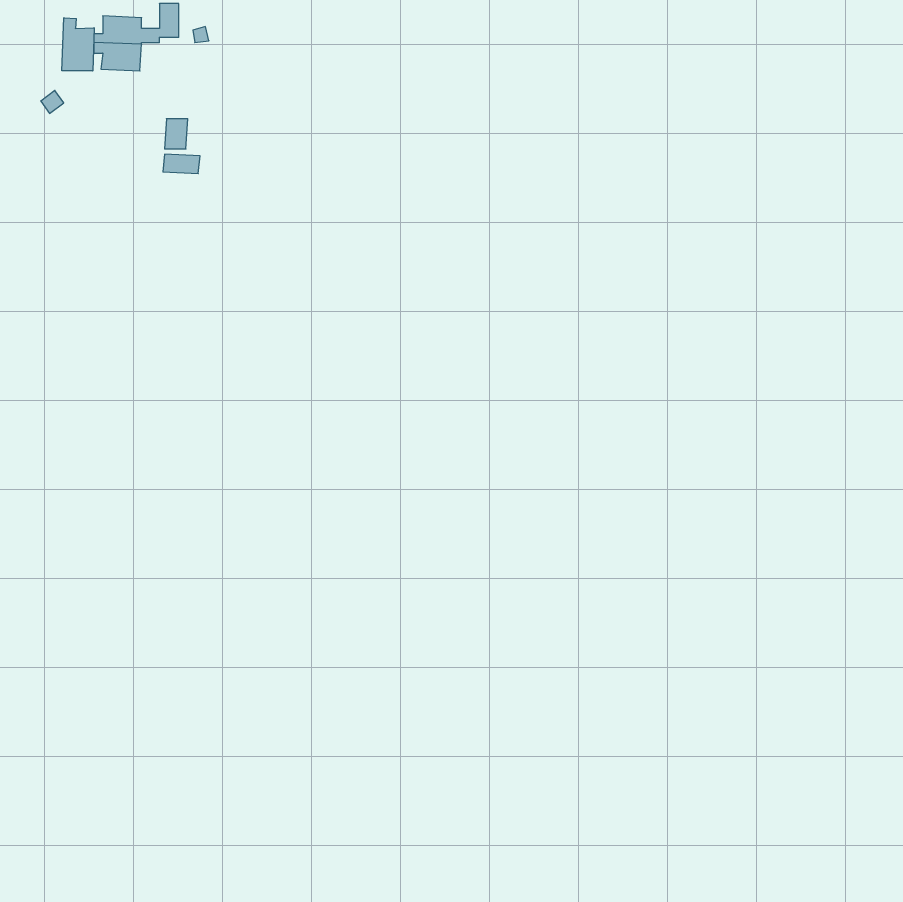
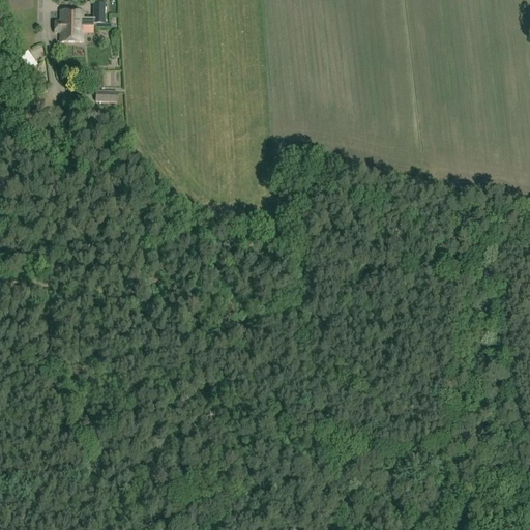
building: [62,18,94,71] -> none

